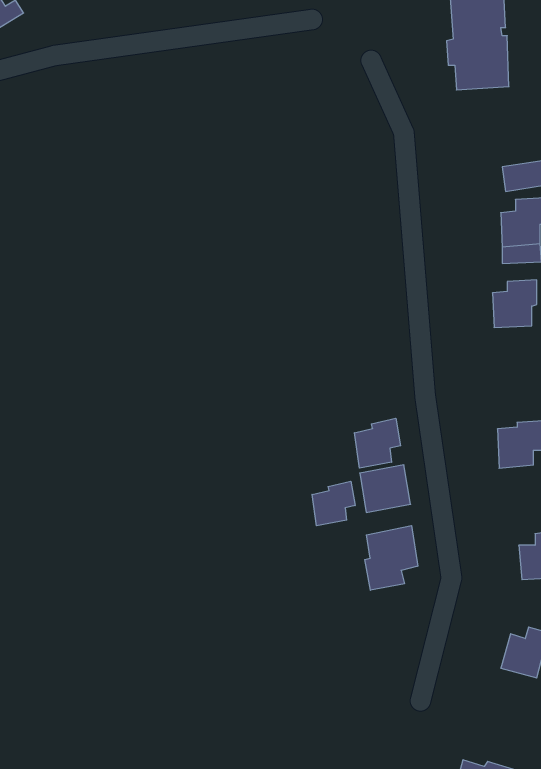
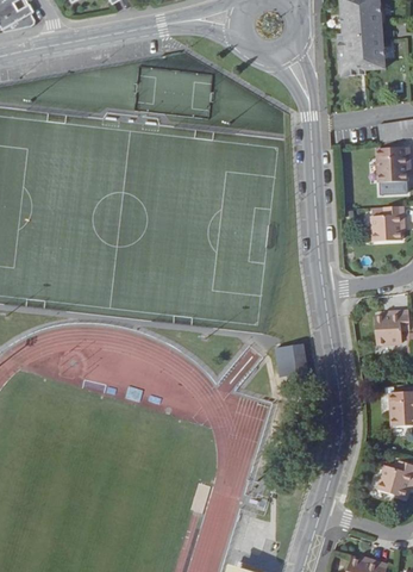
building: [354,418,401,468] -> none
building: [312,481,355,526] -> none
building: [365,526,418,590] -> none

